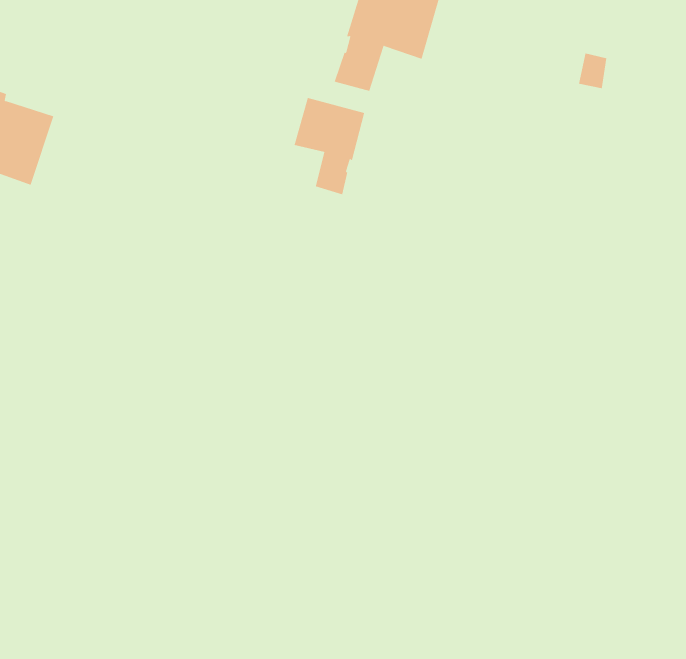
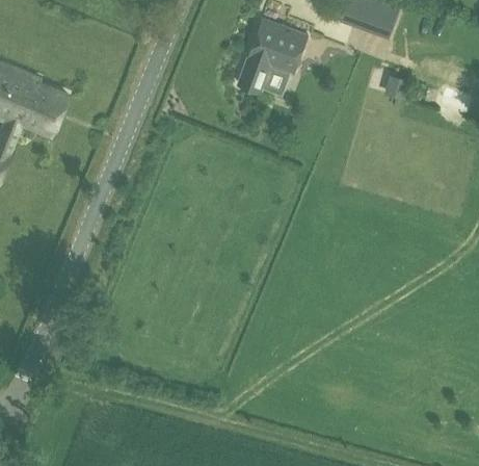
building: [294,97,365,195] -> none

